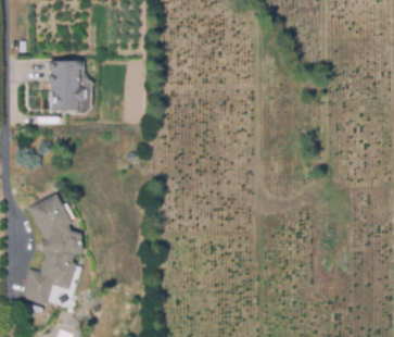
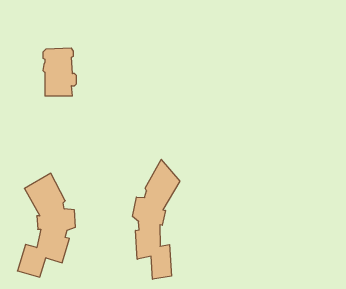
building: none -> [133,159,180,279]

